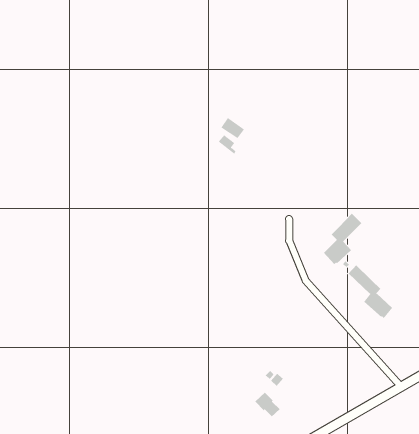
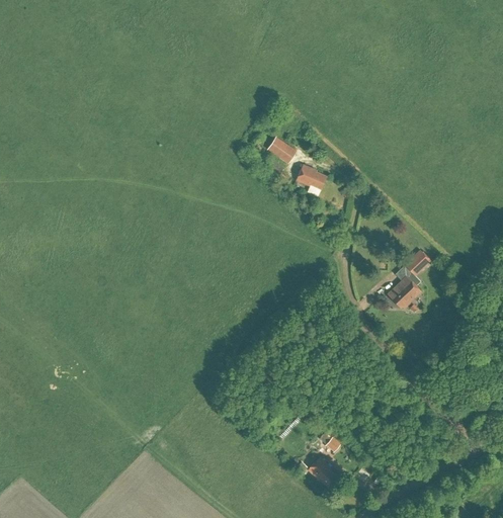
building: none -> [295,164,325,188]
building: [348,264,393,319] -> none

